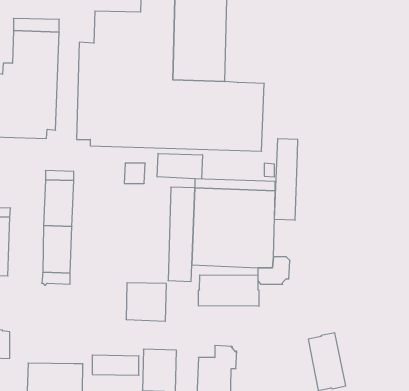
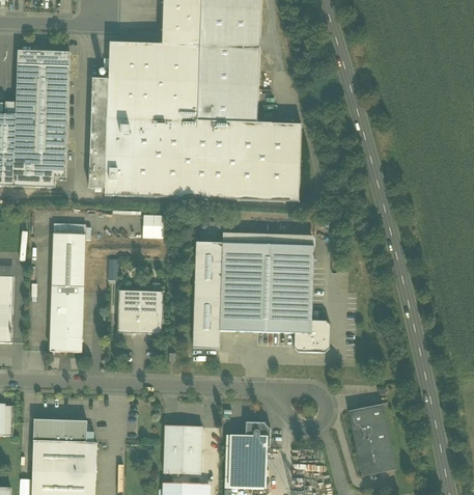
building: [274,139,297,220] -> none
building: [157,153,202,179] -> none
building: [199,275,259,306] -> none
building: [126,283,166,321] -> [117,290,163,333]
building: [92,355,139,375] -> [34,418,87,441]

